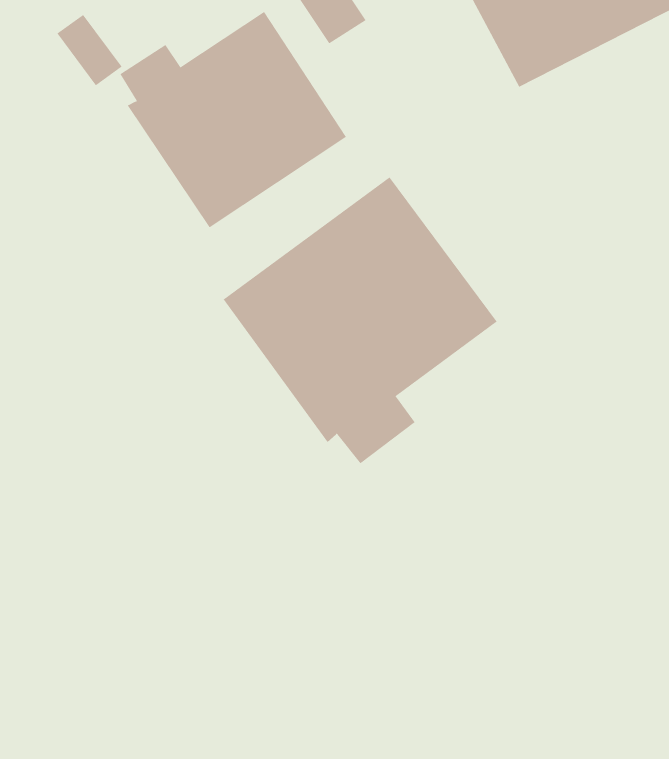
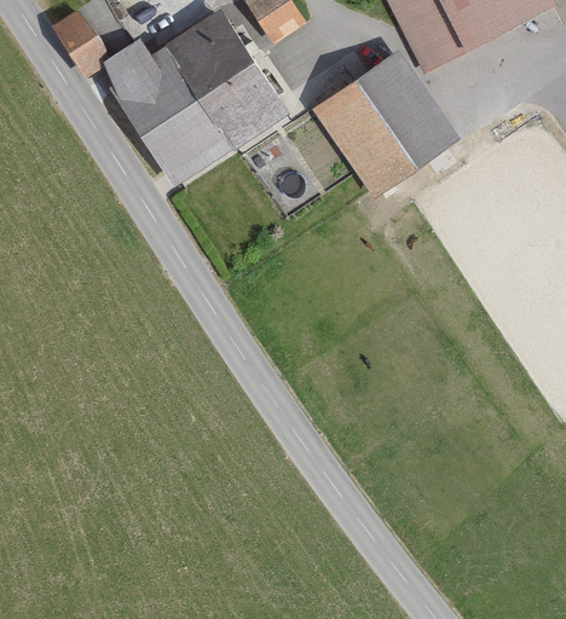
building: none -> [314,53,455,193]
building: [223,177,498,464] -> none

